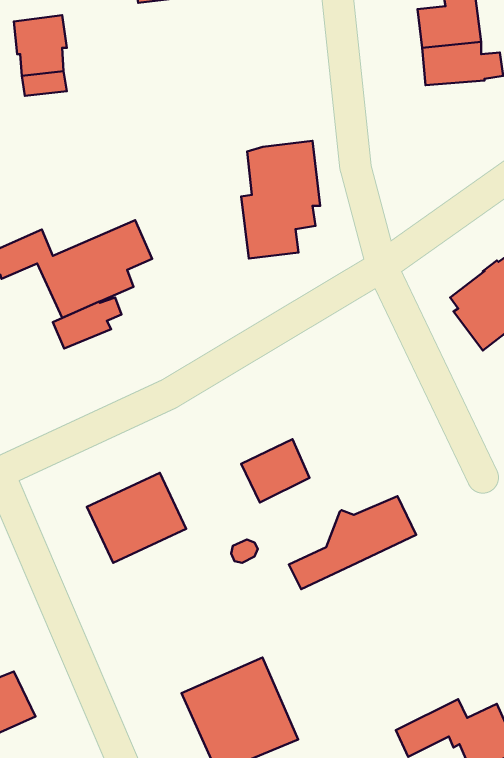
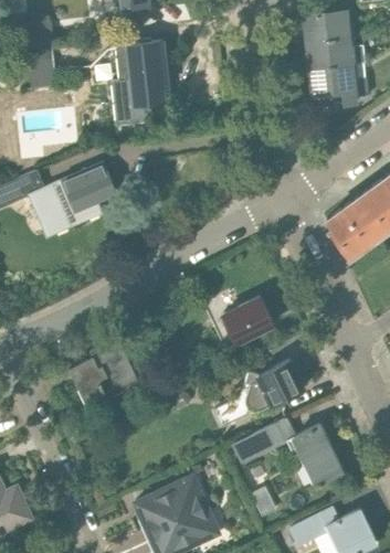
building: none -> [309,65,355,99]
building: [241,141,320,259] -> [112,41,168,125]
building: [53,297,121,349] -> none
building: [241,439,310,503] -> [223,297,272,342]
building: none -> [229,421,342,485]

